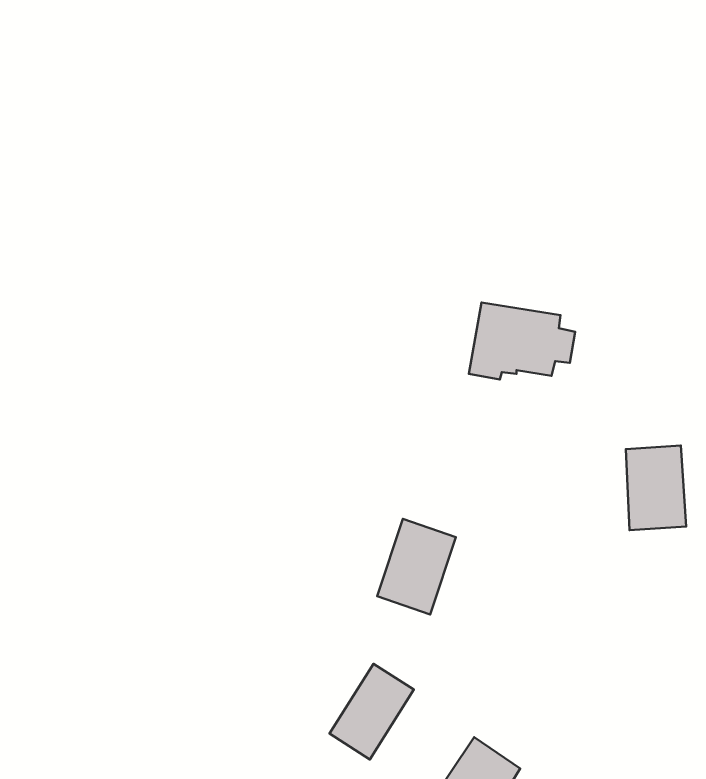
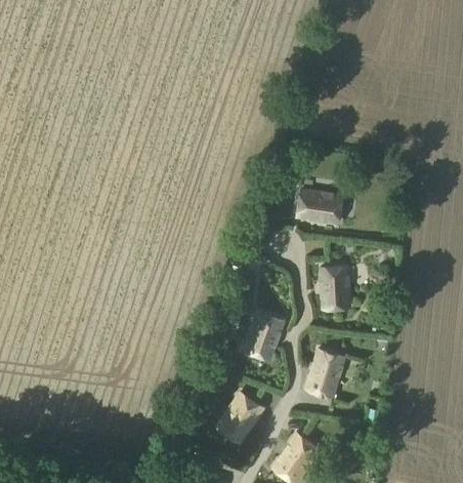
building: [626,446,686,530] -> [319,264,352,311]
building: none -> [303,347,348,401]

